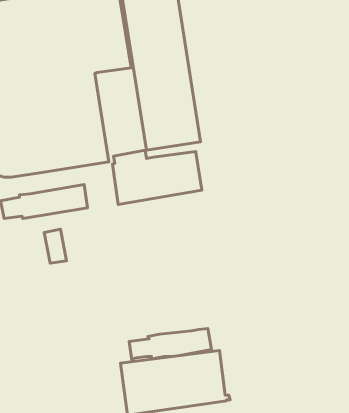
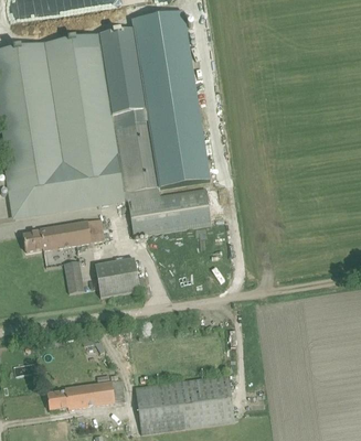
building: none -> [113,109,158,192]
building: none -> [94,257,139,298]
building: [129,328,211,359] -> [46,380,124,409]

